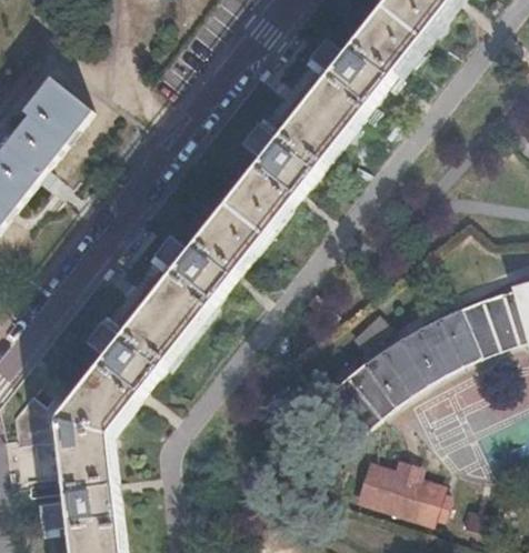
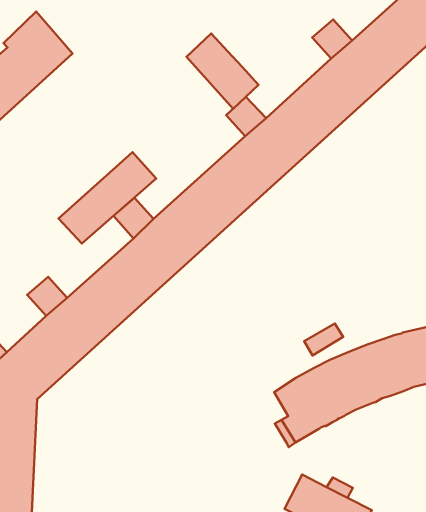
building: none -> [187,33,259,109]
building: none -> [59,152,156,243]

